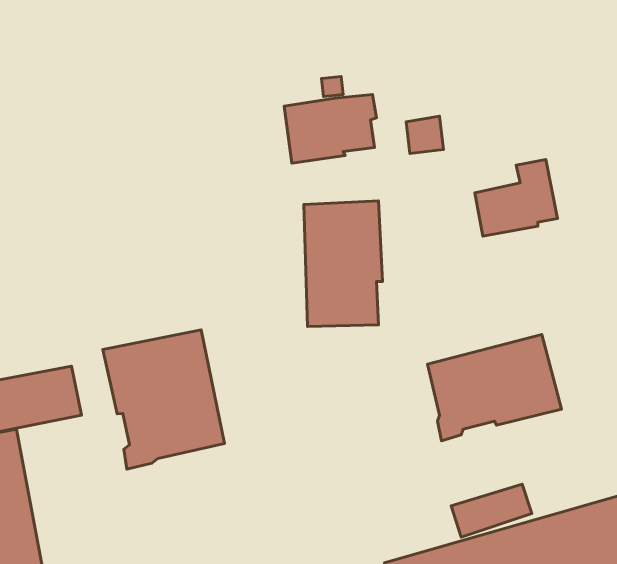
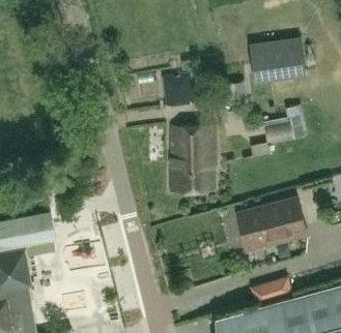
building: none -> [250,37,306,83]
building: [103,330,224,469] -> none

